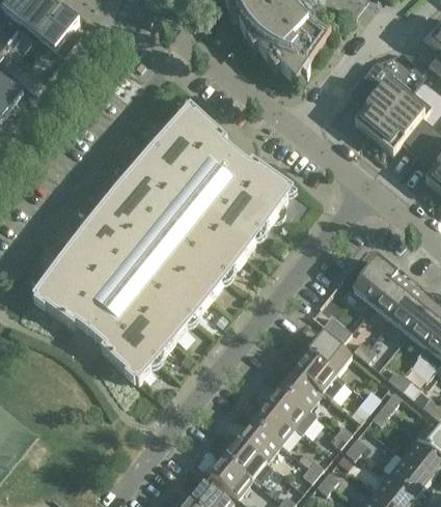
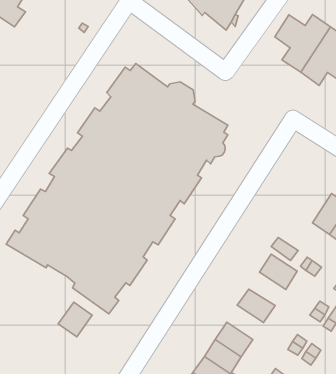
building: [351,258,393,303] -> none
building: [293,351,333,390] -> none
building: none -> [58,302,92,337]
building: [265,386,305,425] -> none

